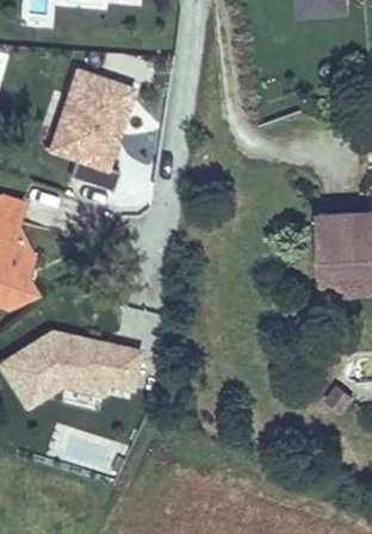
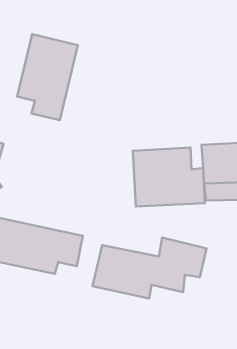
building: none -> [133,148,205,207]
building: none -> [93,237,206,299]

